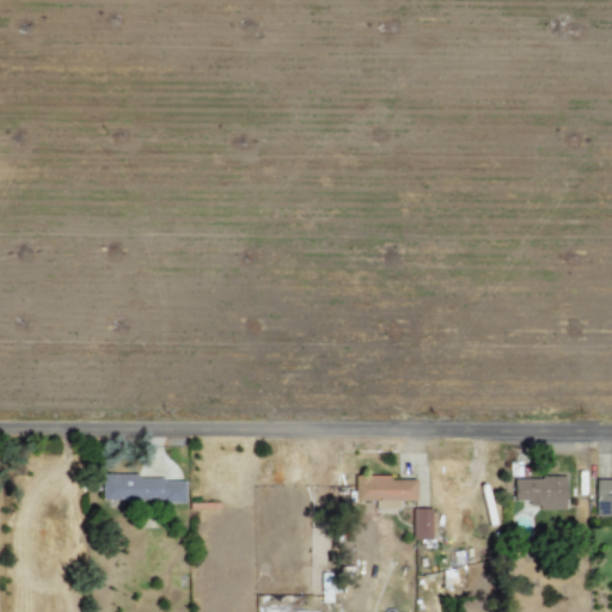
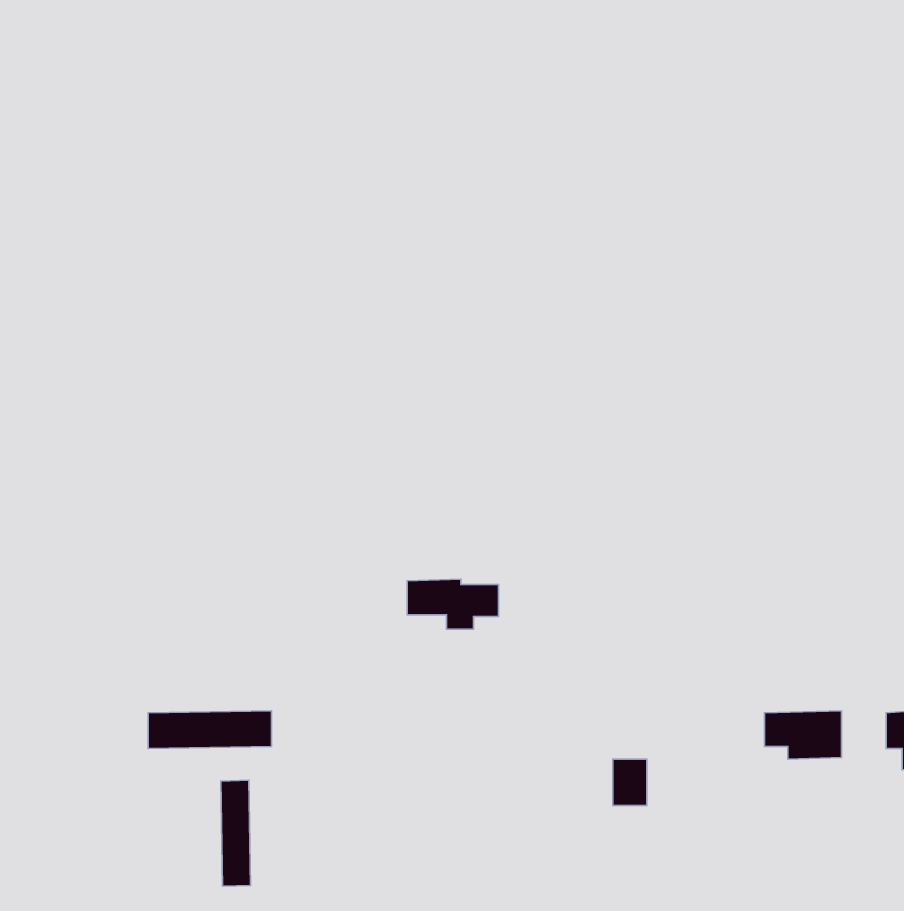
building: [359,475,420,508] -> [407,579,498,629]
building: none -> [221,780,250,886]

